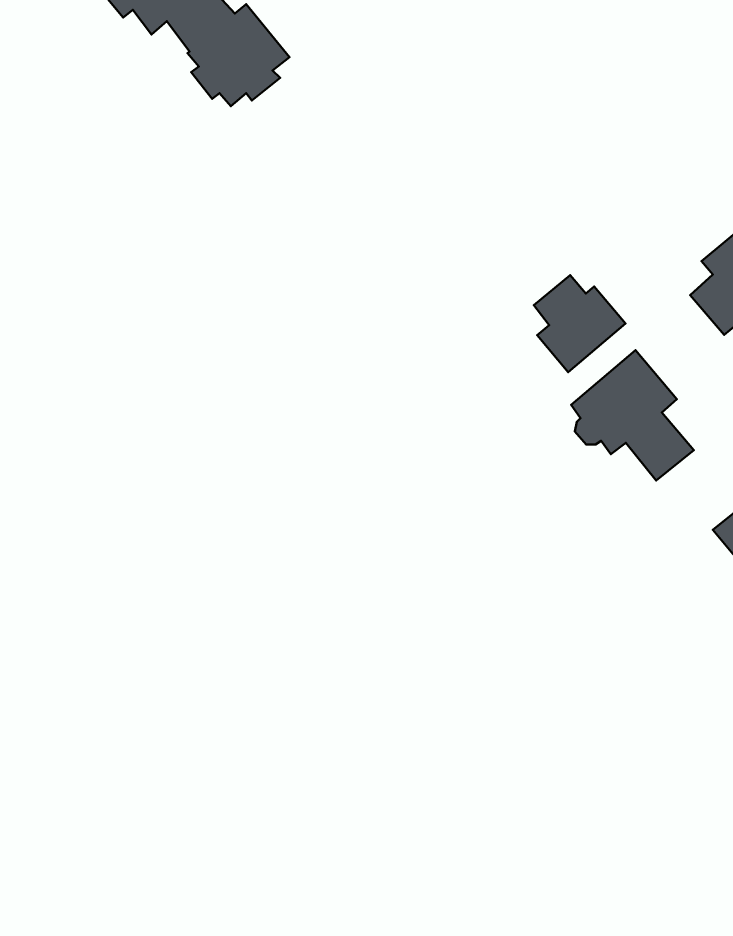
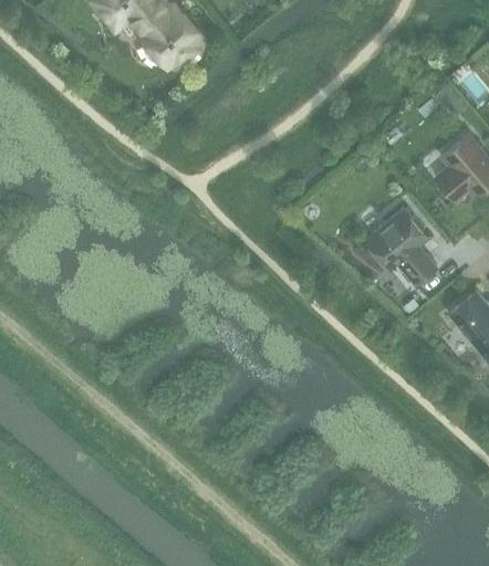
building: [534,275,625,372] -> none

